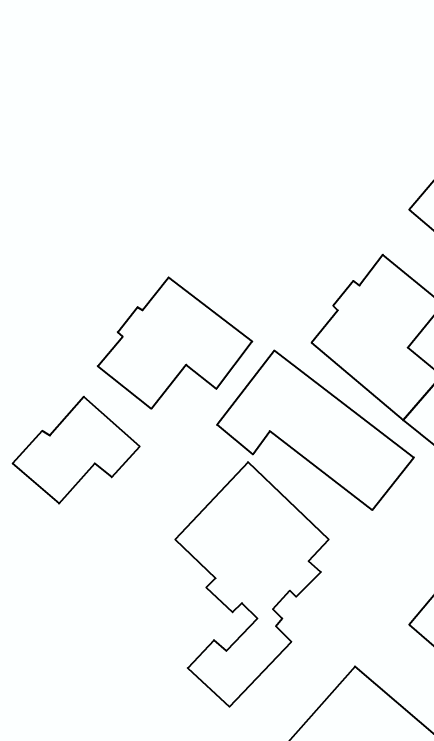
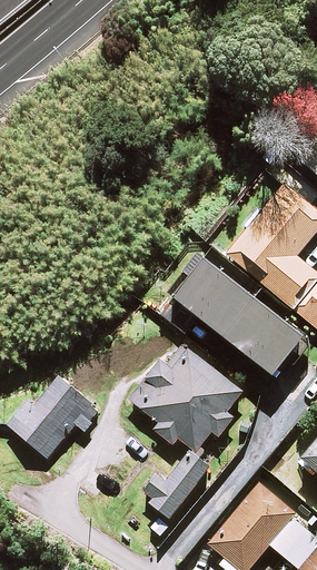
building: [98,277,252,409] -> none
building: [13,397,140,504] -> [9,376,100,453]

